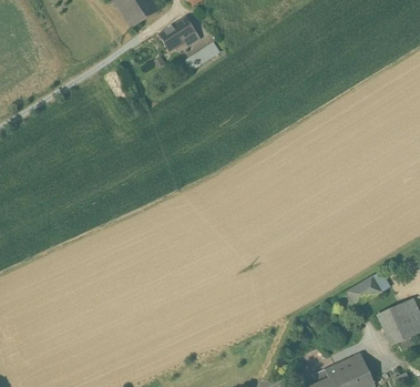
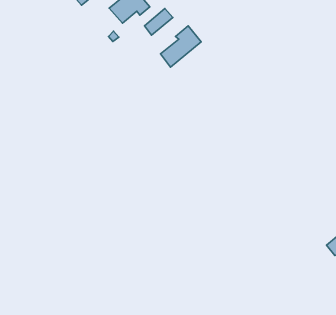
building: none -> [161,26,201,67]

